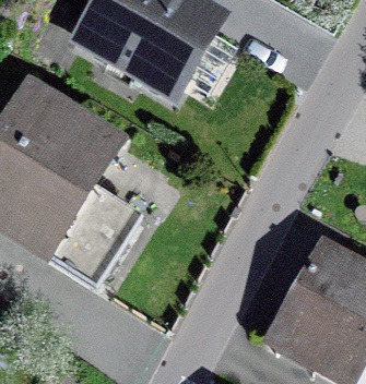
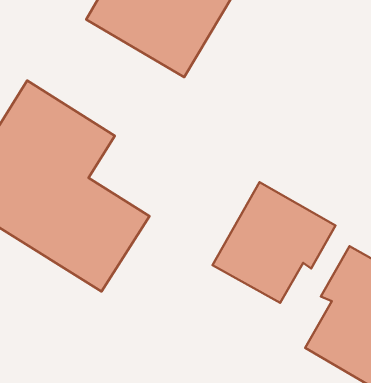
building: none -> [212,182,335,303]

